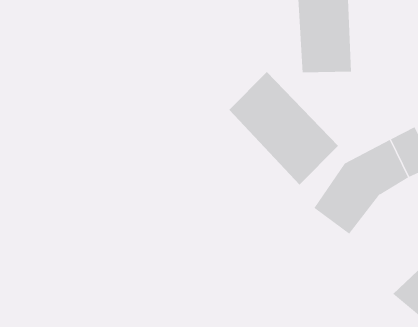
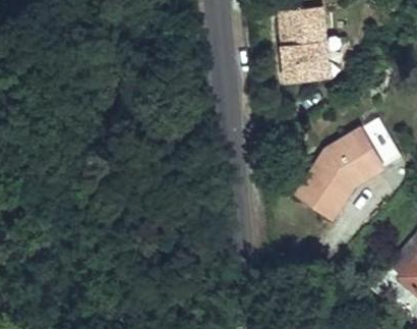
building: [228,71,339,186] -> none

